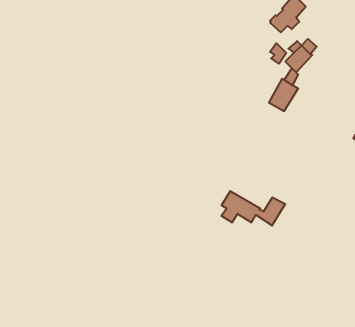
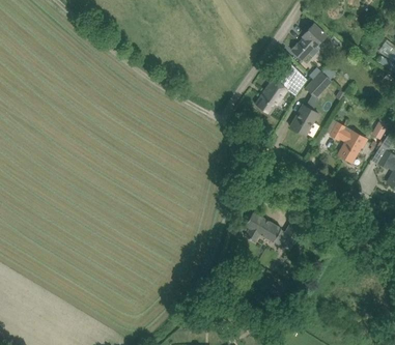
building: none -> [254,77,289,115]
building: none -> [330,123,366,163]

